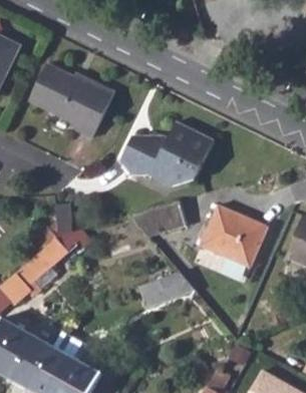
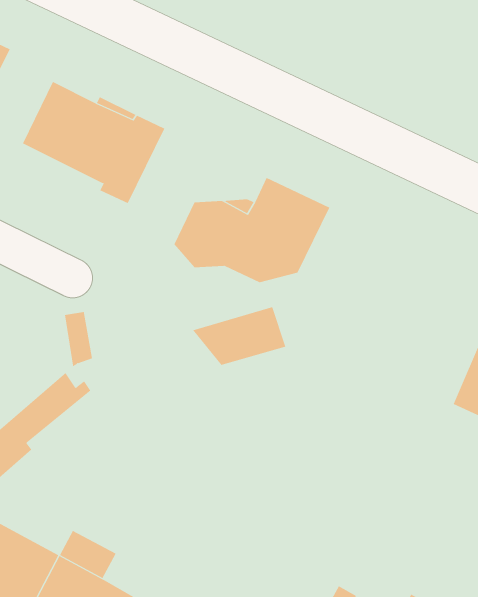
building: [199,205,266,267] -> none
building: [138,270,192,305] -> none

